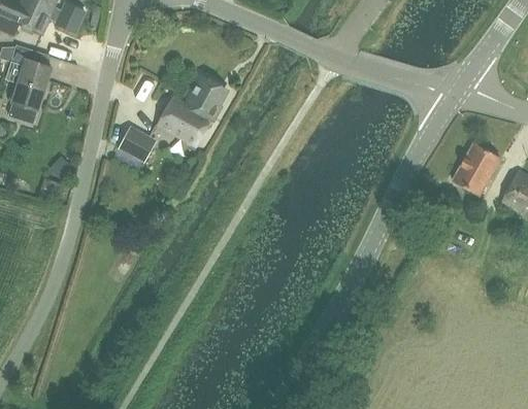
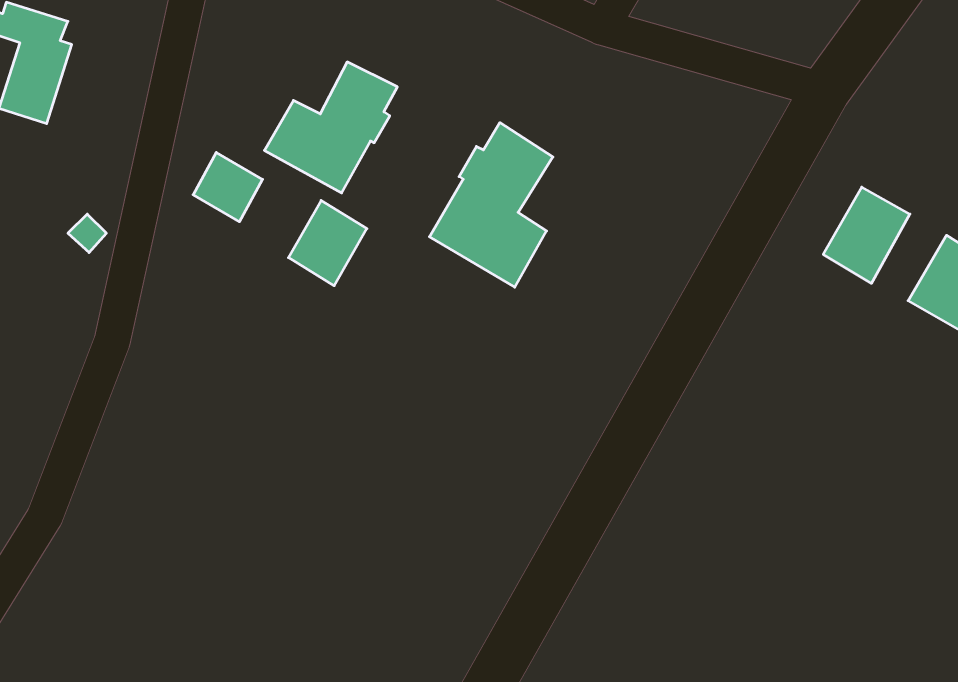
building: none -> [429,123,553,287]
building: none -> [288,200,367,286]

